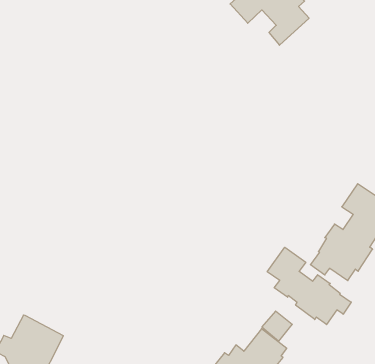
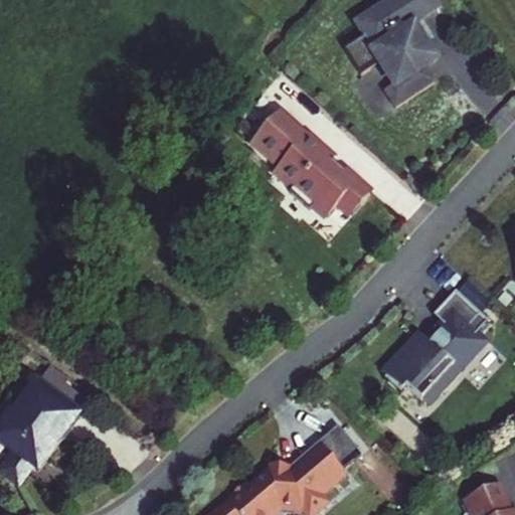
building: none -> [249,106,373,217]
building: [267,247,351,325] -> none
building: none -> [39,364,90,413]

